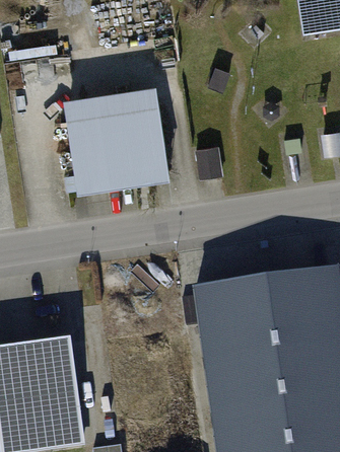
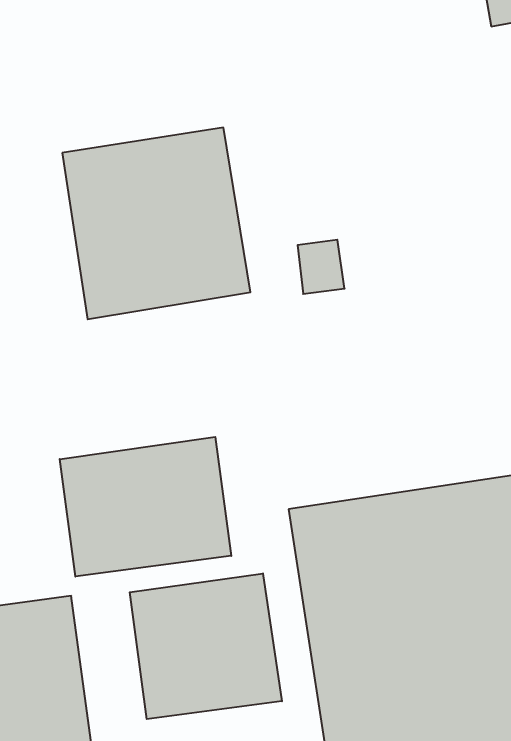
building: none -> [60,437,231,577]
building: none -> [130,573,282,719]

